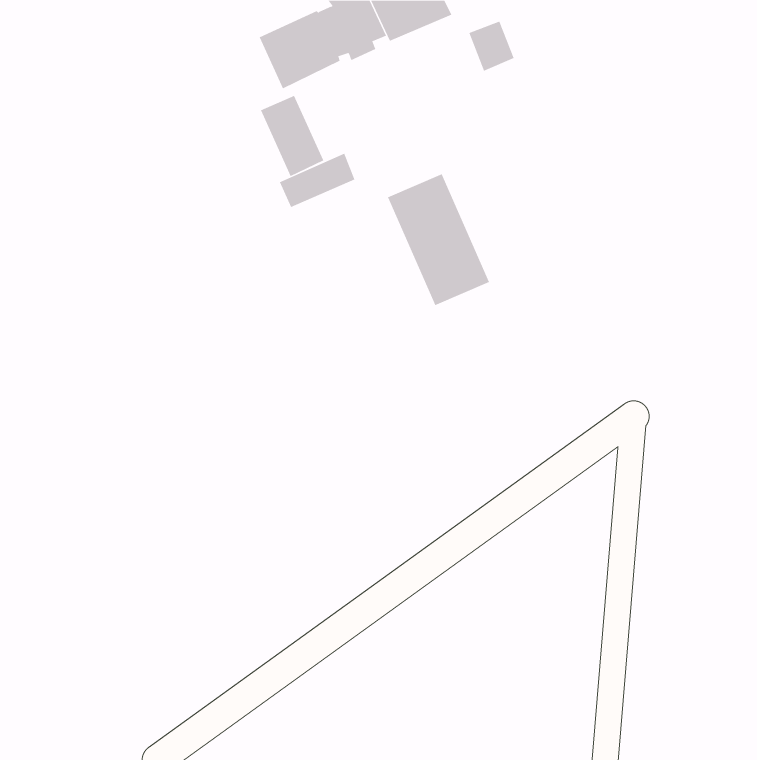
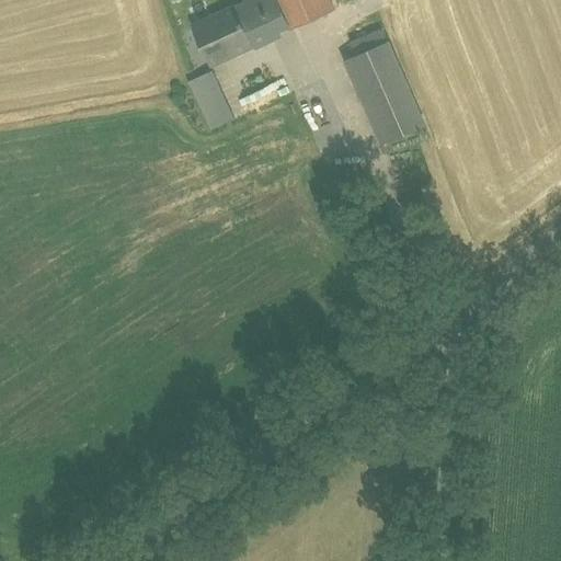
building: [279,153,355,208] -> none
building: [387,174,490,306] -> [345,45,421,142]

